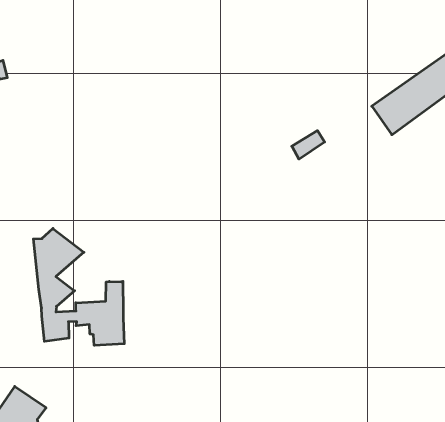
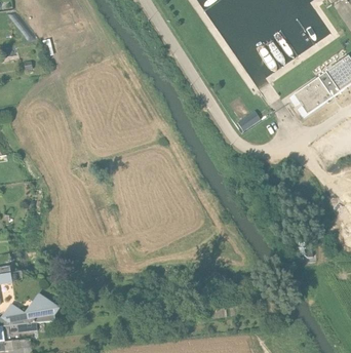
building: [33,228,124,345] -> none

